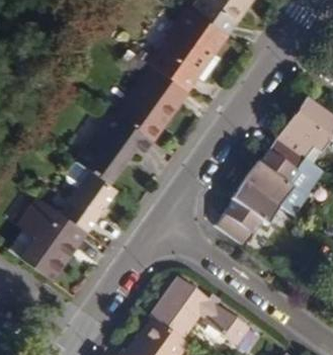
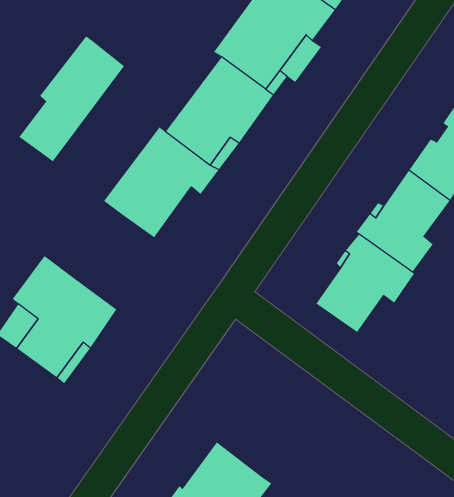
building: none -> [19,36,125,162]
building: [61,168,118,230] -> none
building: [151,273,250,343] -> none

